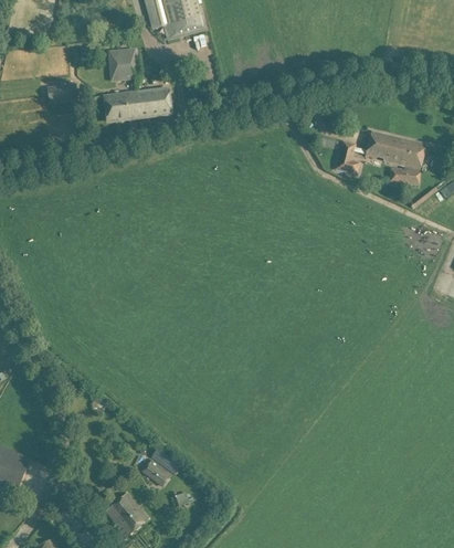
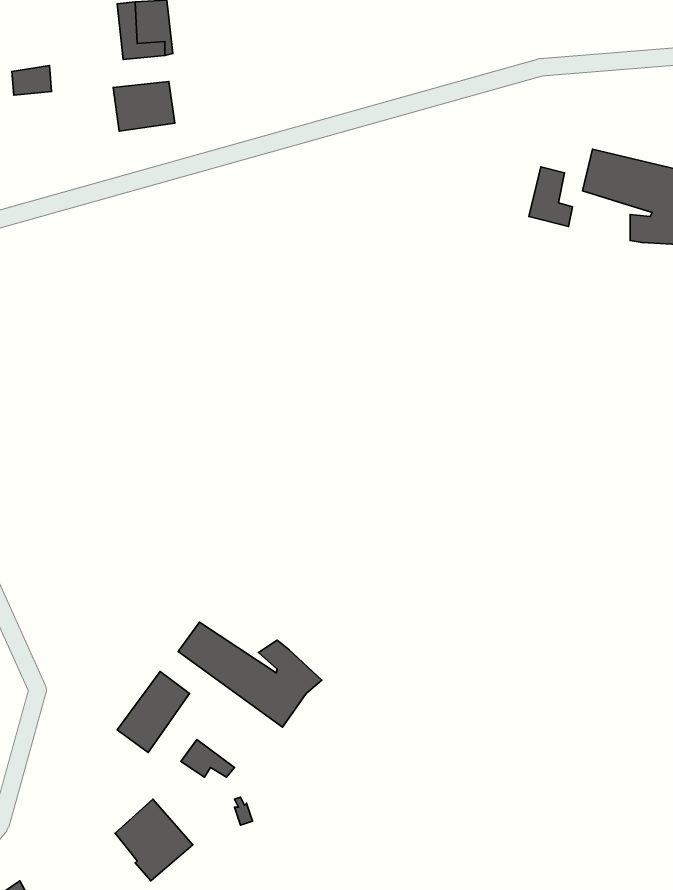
building: [135,88,169,116] -> none
building: none -> [178,622,322,727]
building: none -> [117,672,190,753]

